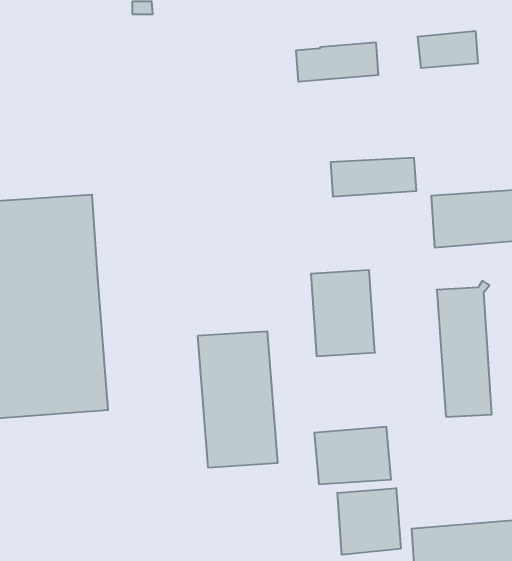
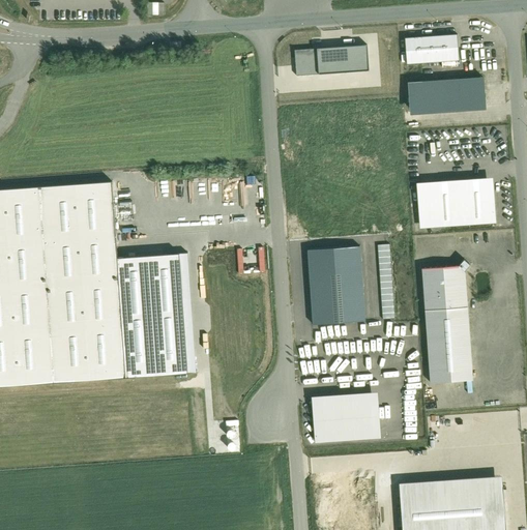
building: [331,158,416,197] -> [407,77,485,112]
building: [198,331,278,467] -> [115,253,187,376]
building: [337,488,401,555] -> none

